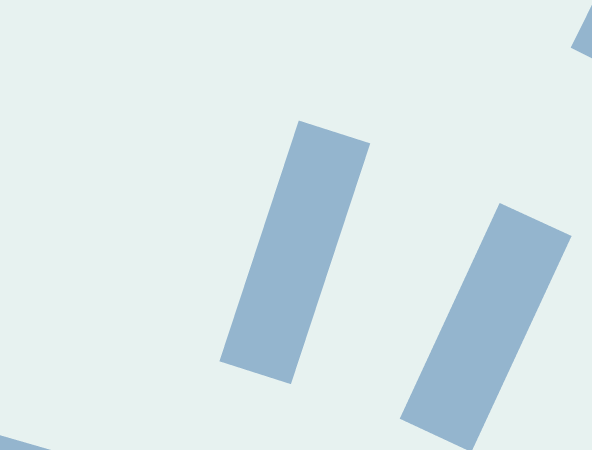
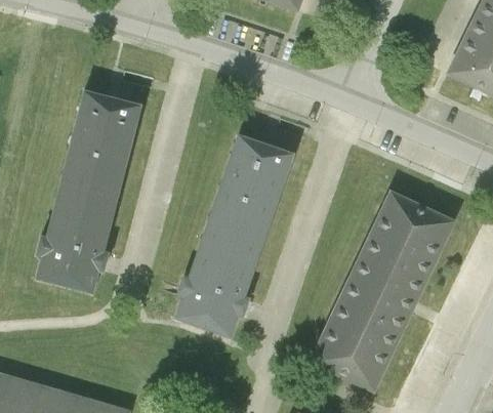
building: none -> [38,92,139,292]

